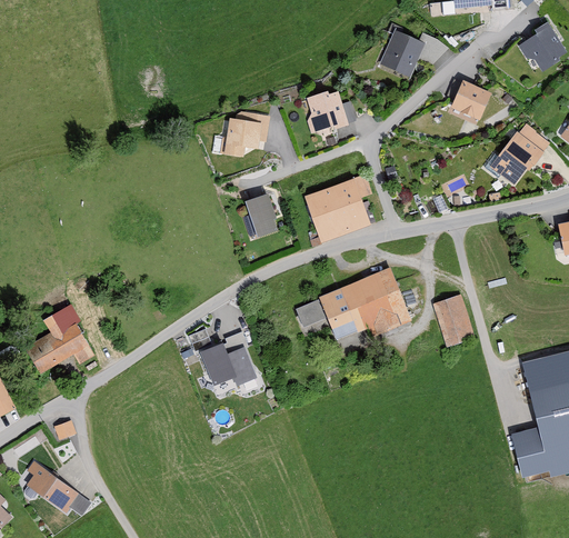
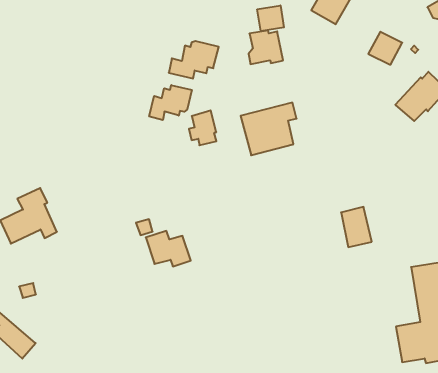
building: none -> [257,5,284,31]
building: none -> [149,85,192,120]
building: [296,269,411,339] -> none

